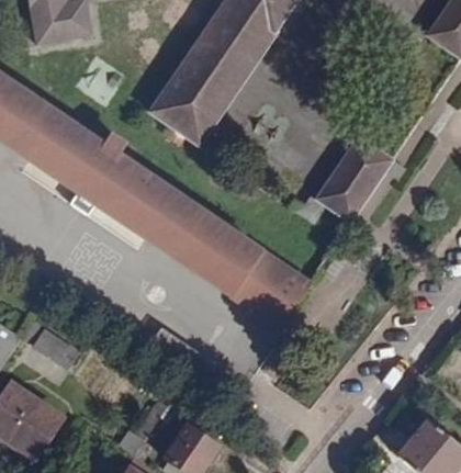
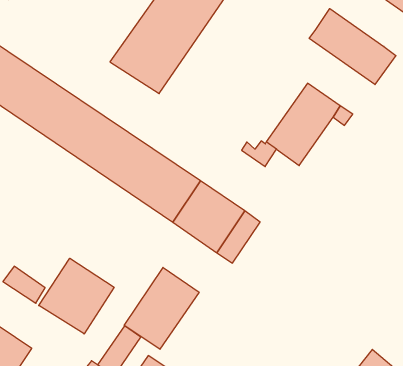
building: none -> [309,9,396,85]
building: none -> [39,258,114,334]
building: none -> [124,267,199,349]

